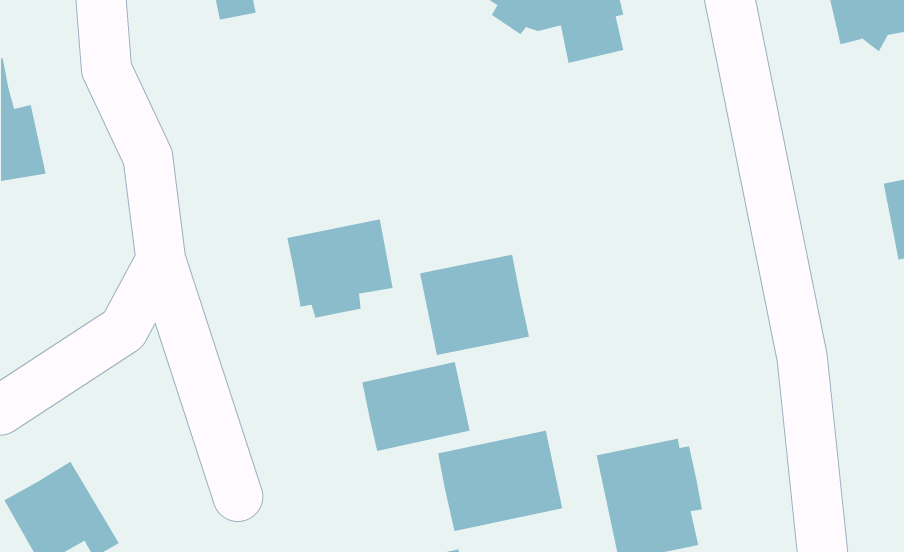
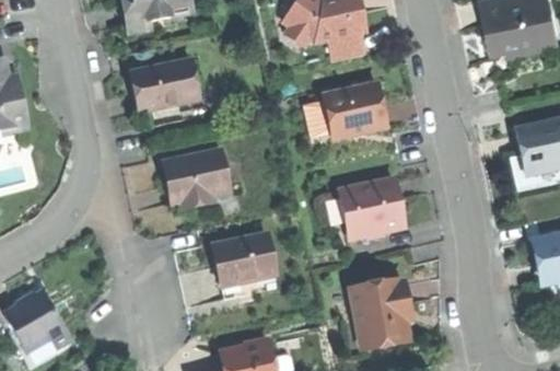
building: none -> [133,59,198,111]
building: none -> [323,83,385,136]
building: [419,254,530,355] -> [339,178,404,237]
building: [437,430,563,532] -> none

